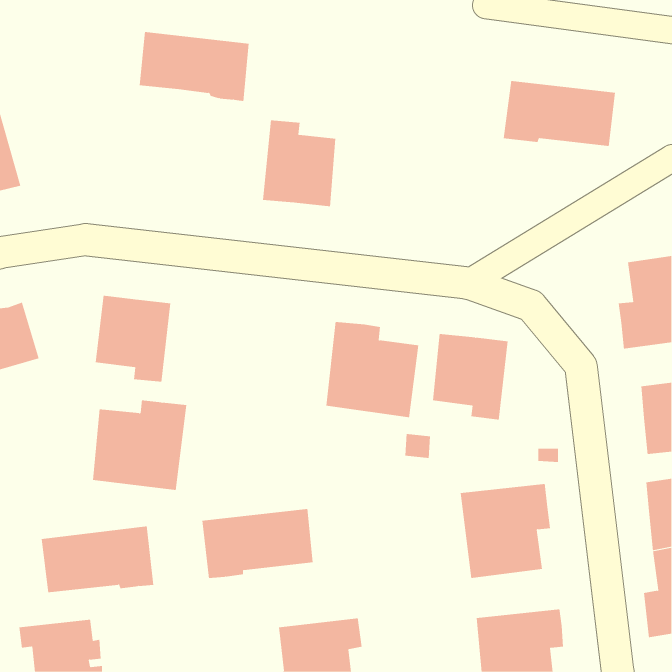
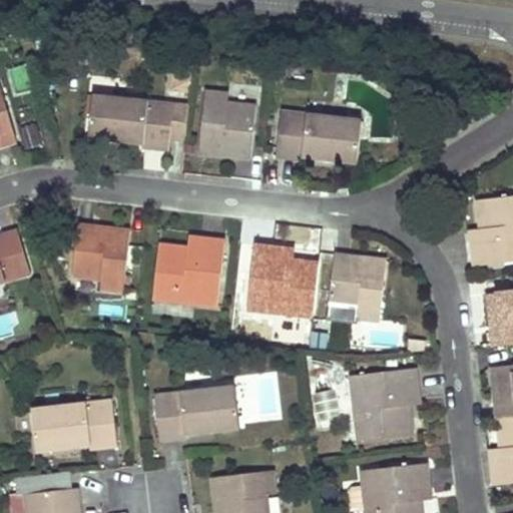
building: [139,32,250,101] -> [89,95,173,148]
building: [503,81,616,146] -> [276,111,362,161]
building: [92,400,187,491] -> [153,236,225,306]

